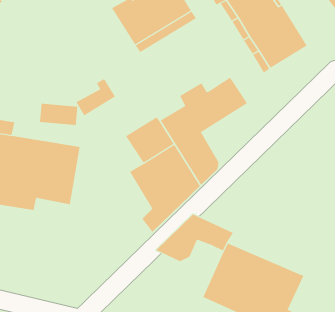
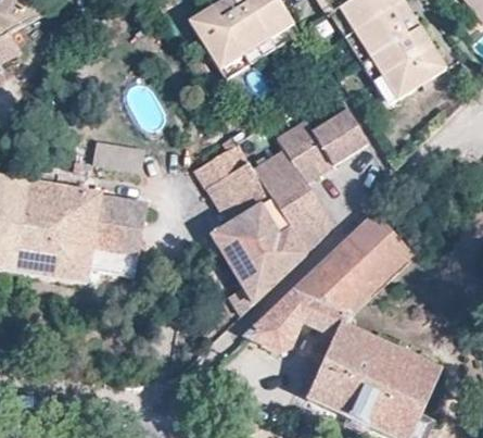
building: [75,78,116,116] -> [194,136,247,186]
building: none -> [294,212,411,313]

